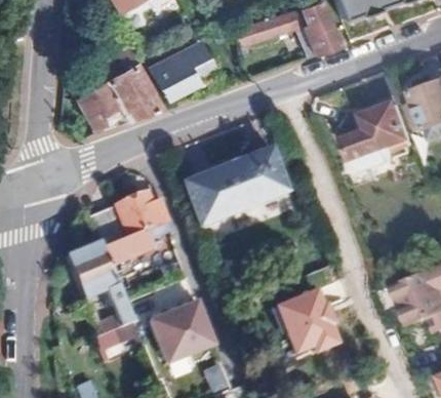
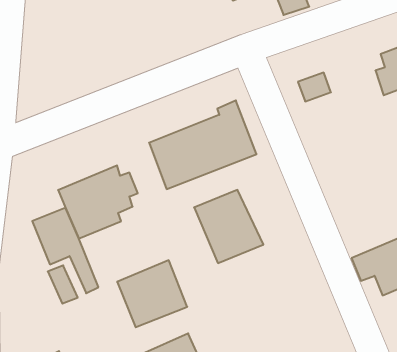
building: [150,43,209,101] -> none
building: [77,46,165,128] -> none
building: [346,70,409,160] -> none
building: [279,287,348,360] -> [194,190,263,263]

